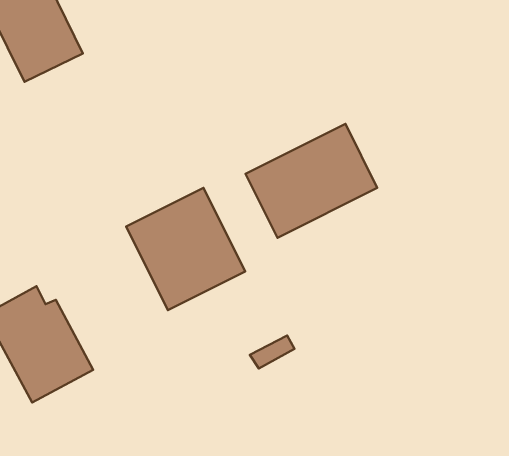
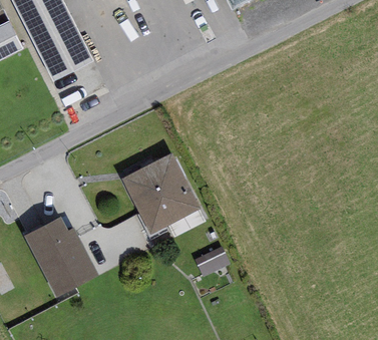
building: [246,124,377,238] -> none

